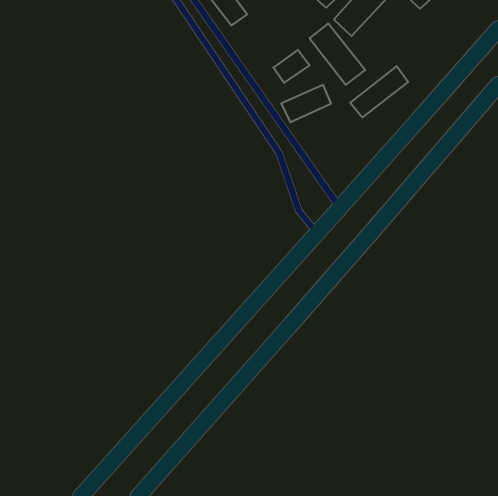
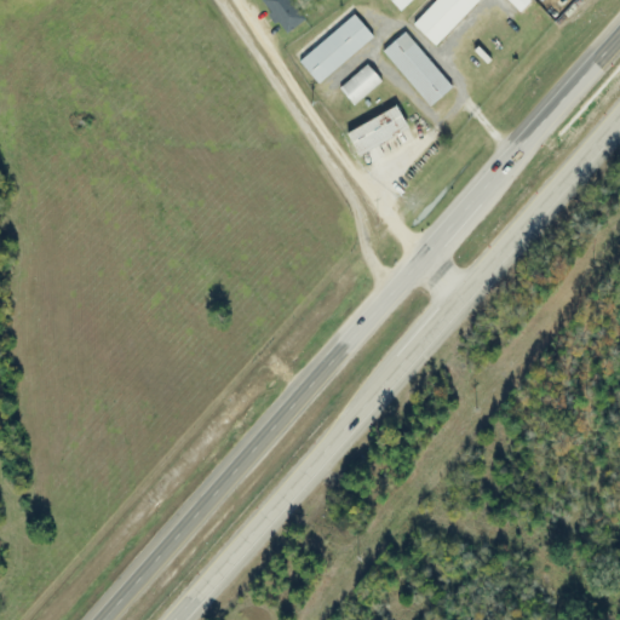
building: none -> [299,12,374,84]
building: [350,66,408,117] -> none

